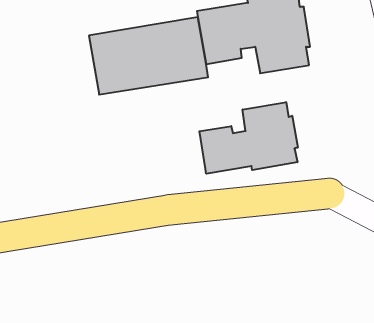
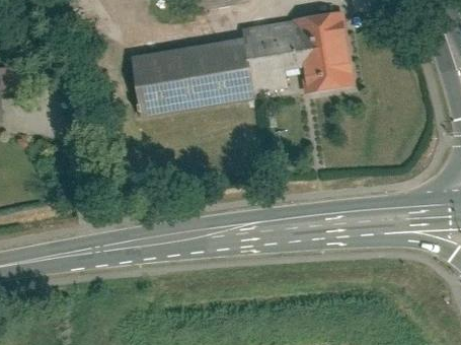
building: [199,102,298,174] -> none

